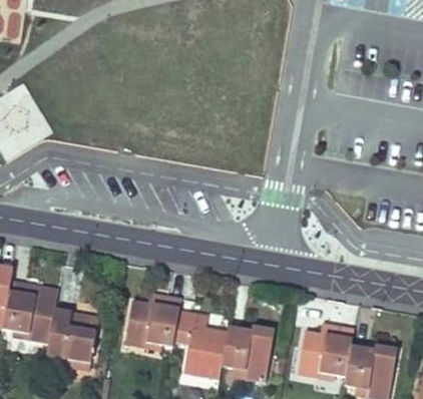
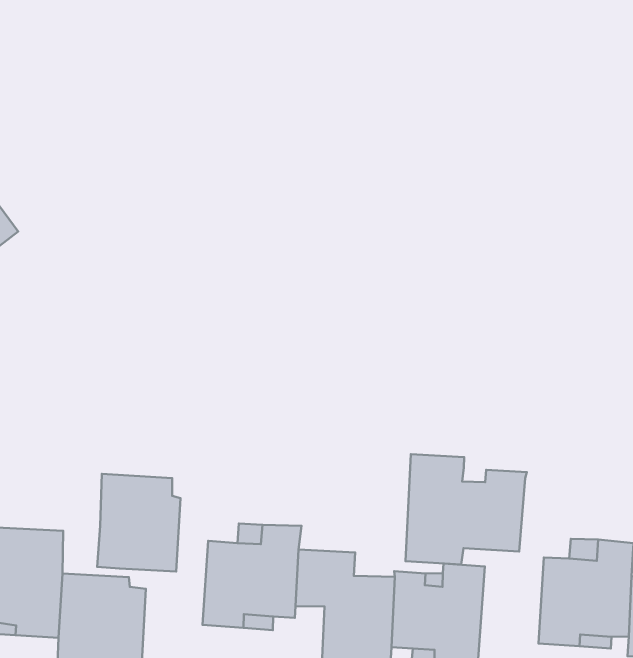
building: none -> [97,474,180,572]
building: none -> [405,454,527,564]

